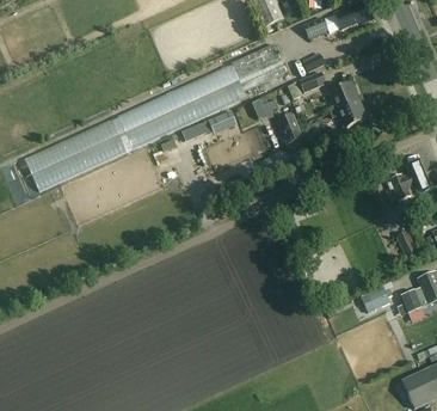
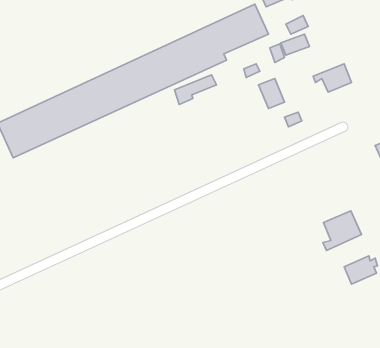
building: [327,81,359,112] -> none
building: none -> [323,211,361,250]

